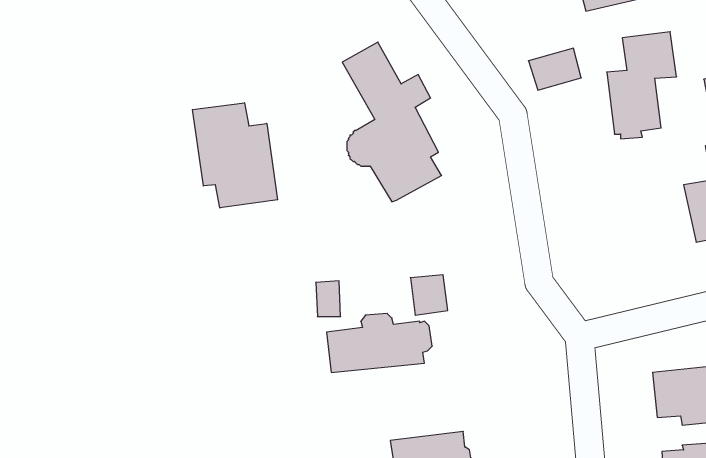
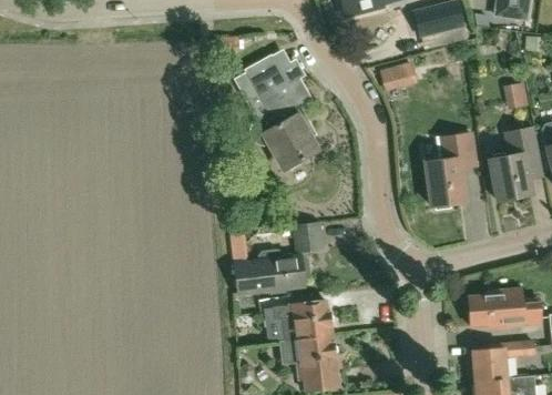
building: [607,32,677,139] -> [426,133,476,210]
building: [192,103,278,208] -> none
building: none -> [274,303,334,343]

